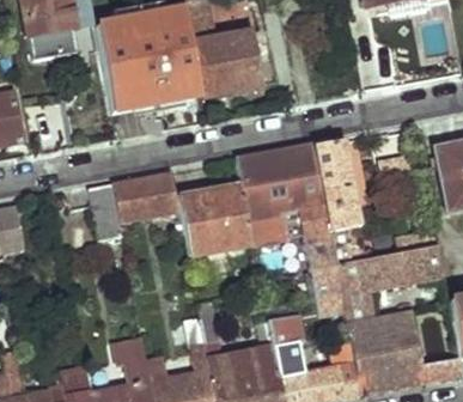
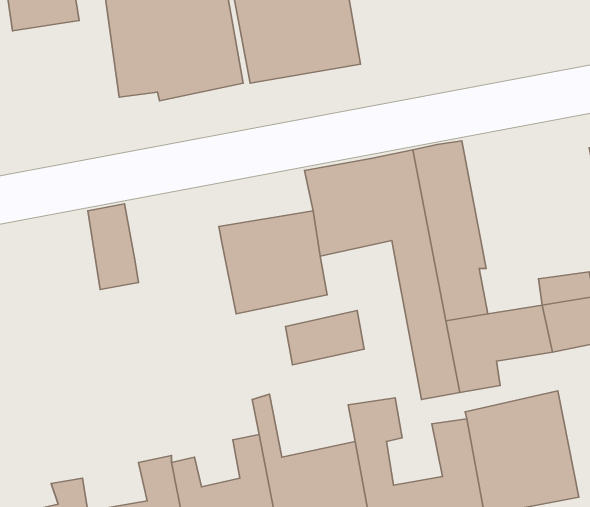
building: [112,170,179,219] -> none
building: [246,206,300,243] -> [285,311,364,365]

